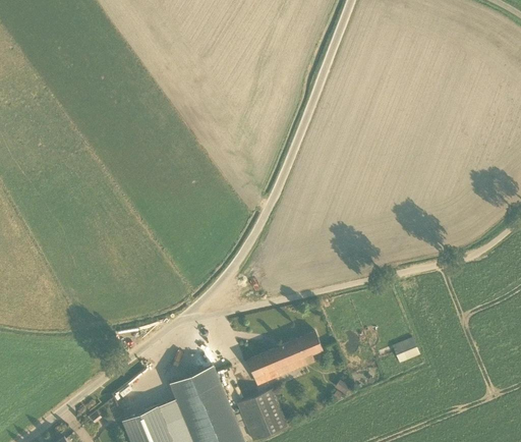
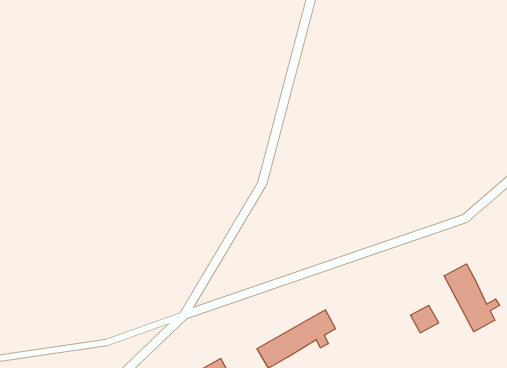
building: none -> [444,264,500,332]

